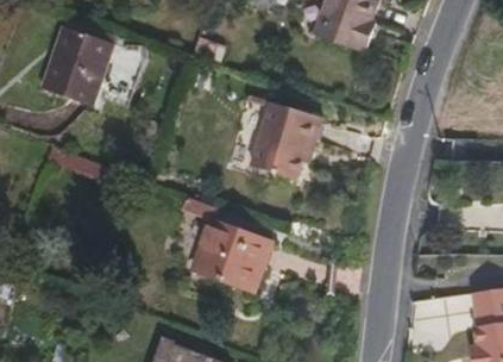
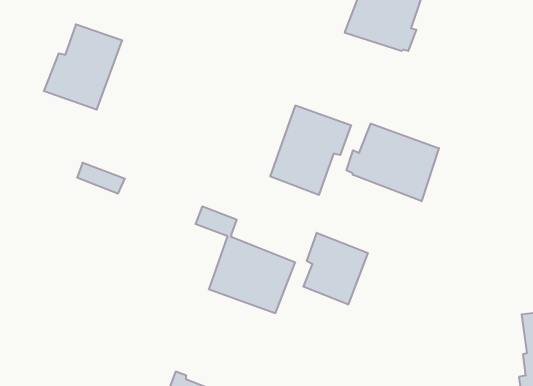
building: none -> [346,124,439,201]
building: none -> [303,233,368,305]

